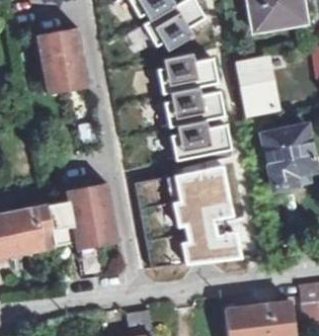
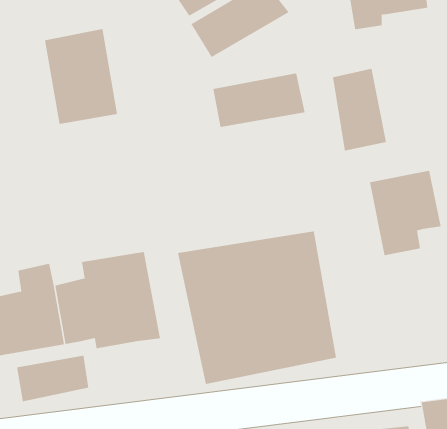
building: [162,91,227,130] -> none
building: [168,124,232,162] -> none
building: none -> [17,355,89,402]

